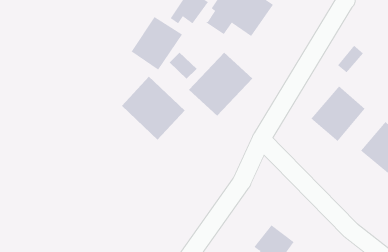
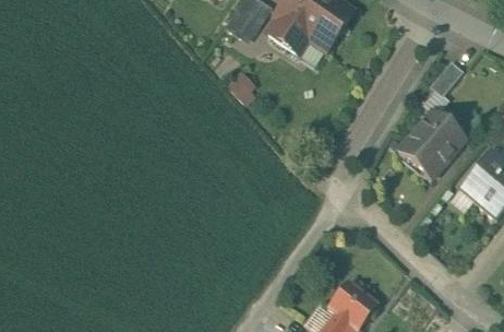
building: [131,16,183,70] -> none
building: [188,52,253,116] -> none
building: [121,76,185,141] -> none

